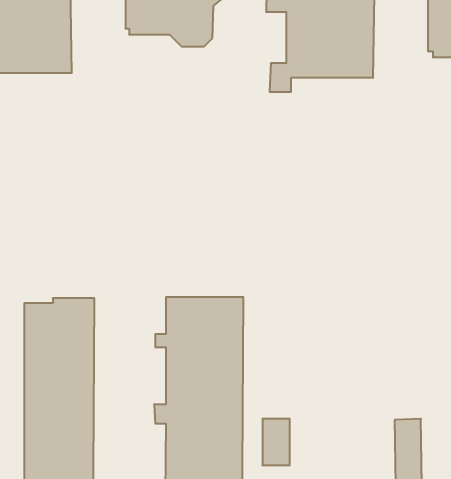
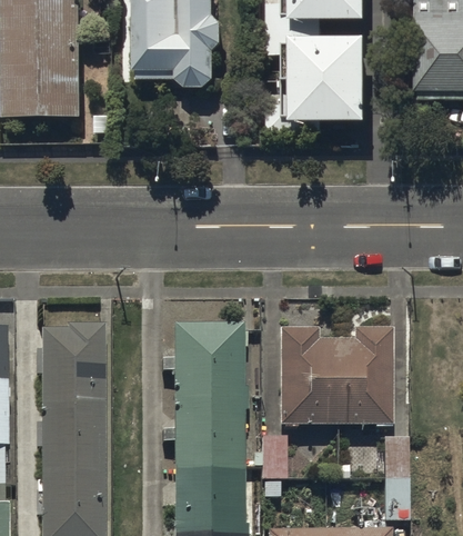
building: none -> [280,327,393,426]

